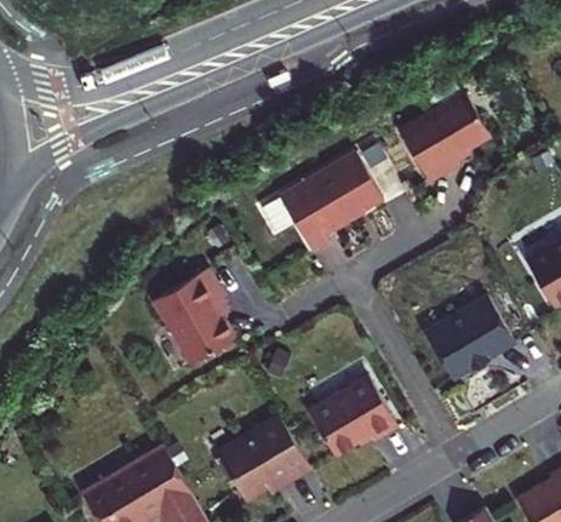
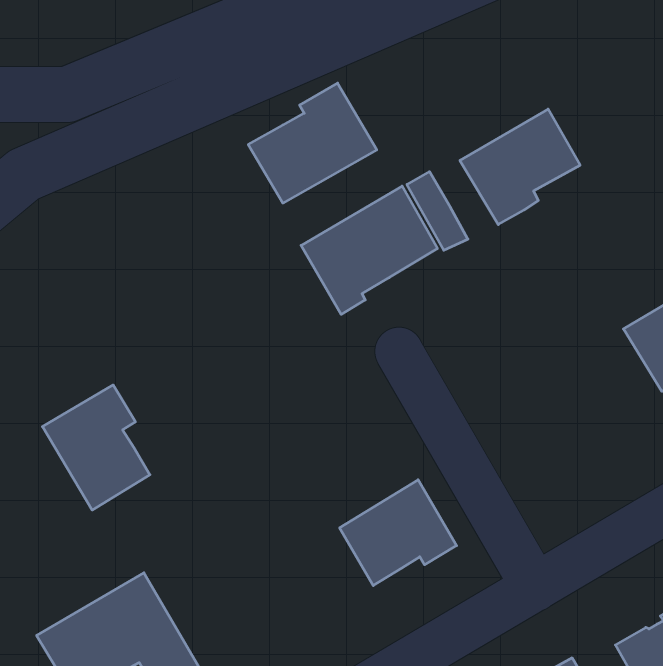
building: none -> [248,83,377,203]
building: [153,271,234,366] -> [42,385,150,510]
building: [422,299,511,382] -> none
building: [214,412,308,497] -> none

